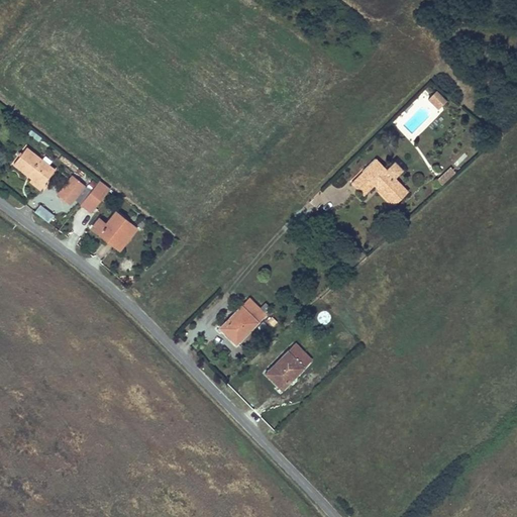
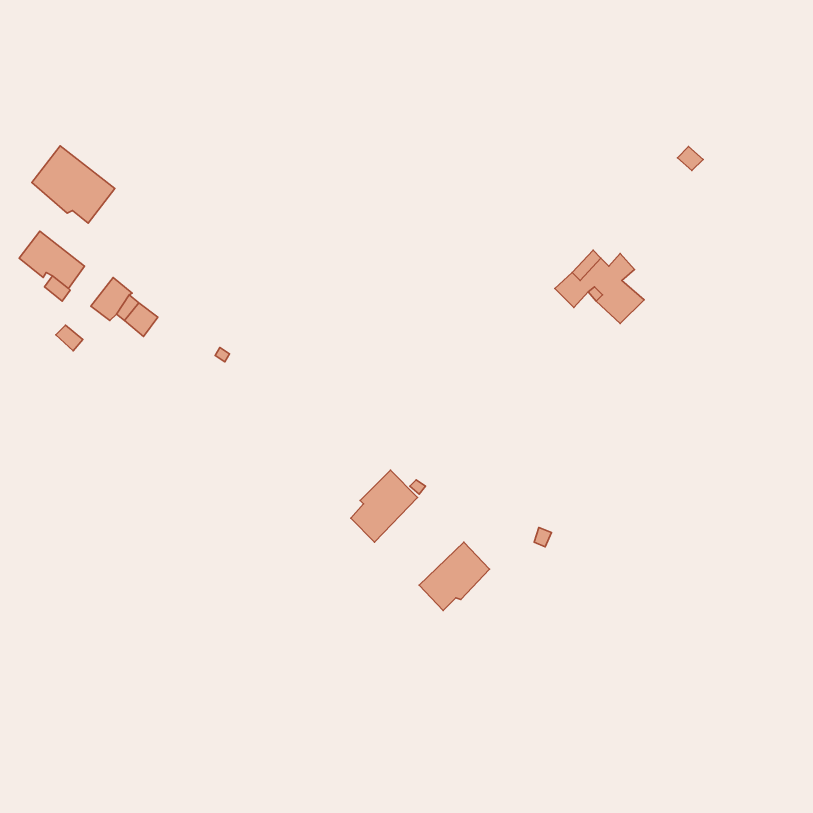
building: none -> [32,146,115,223]
building: [91,213,136,250] -> none

